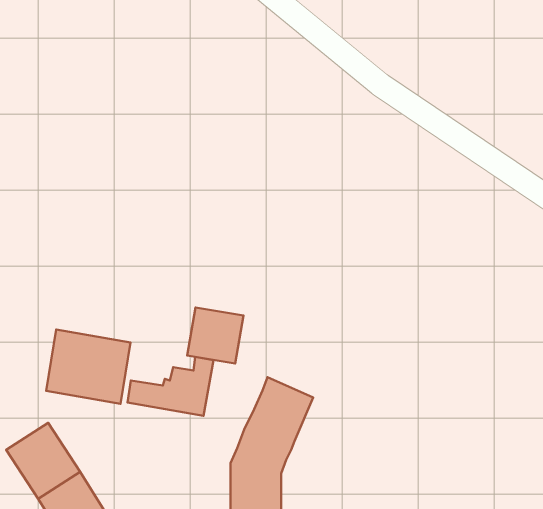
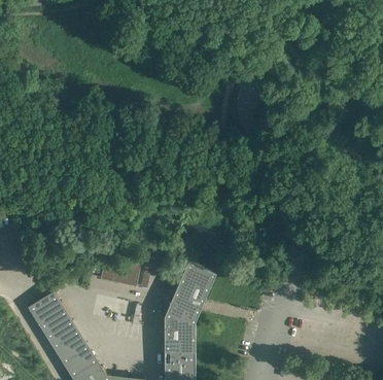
building: [187,308,244,364] -> none
building: [46,329,131,404] -> none

